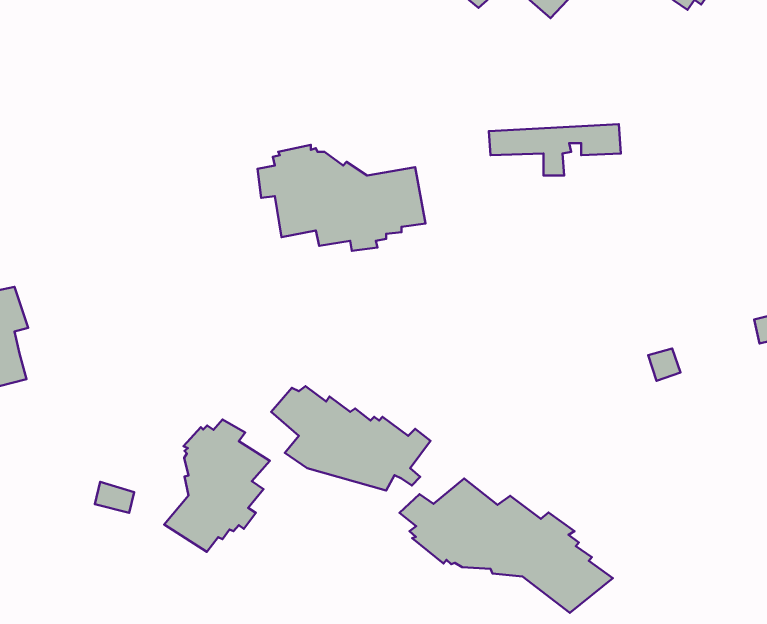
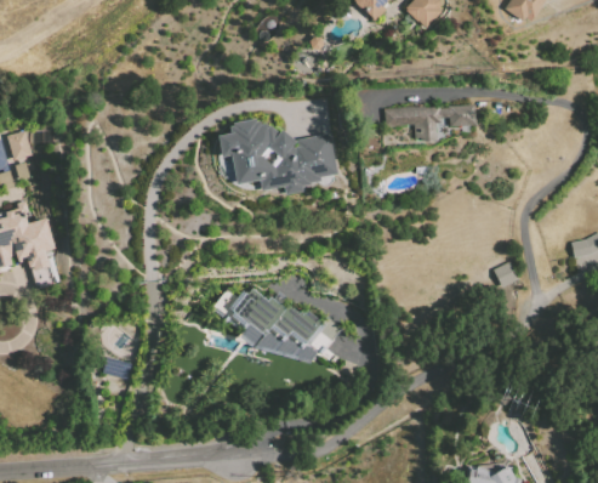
building: [164,420,270,552] -> none
building: [399,478,613,613] -> none

